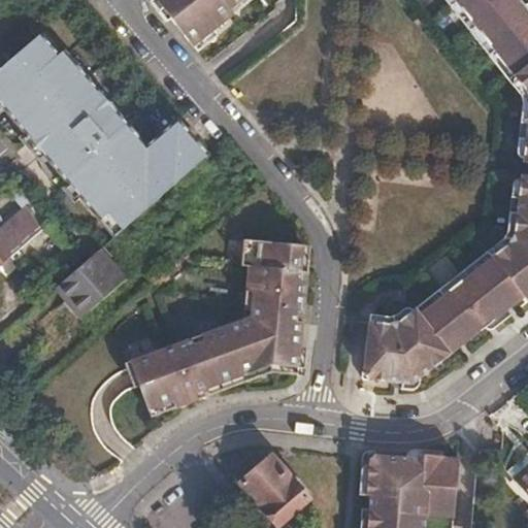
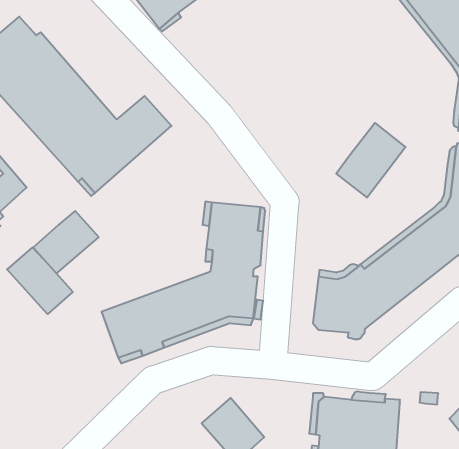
building: none -> [336,123,406,198]
building: none -> [7,247,73,314]

